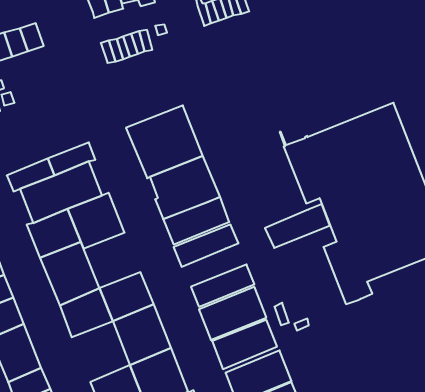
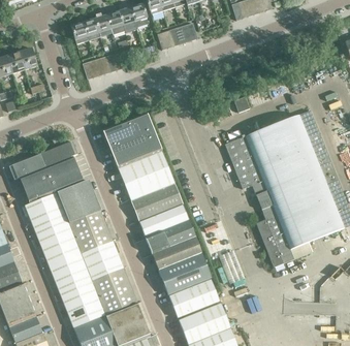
building: [265,204,330,248] -> [146,219,196,253]
building: none -> [69,211,114,254]
building: none -> [60,280,105,327]

